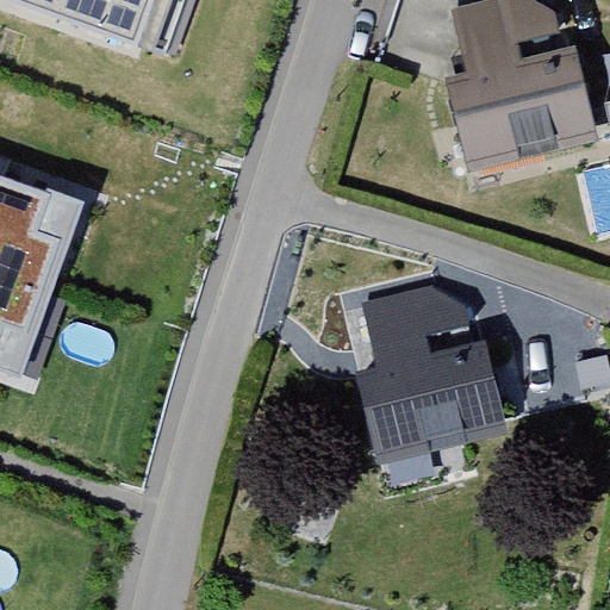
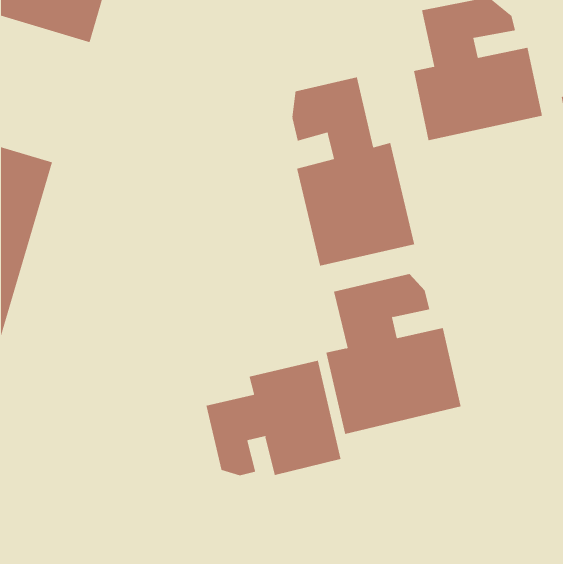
building: none -> [292,76,415,266]
building: none -> [206,360,341,476]

